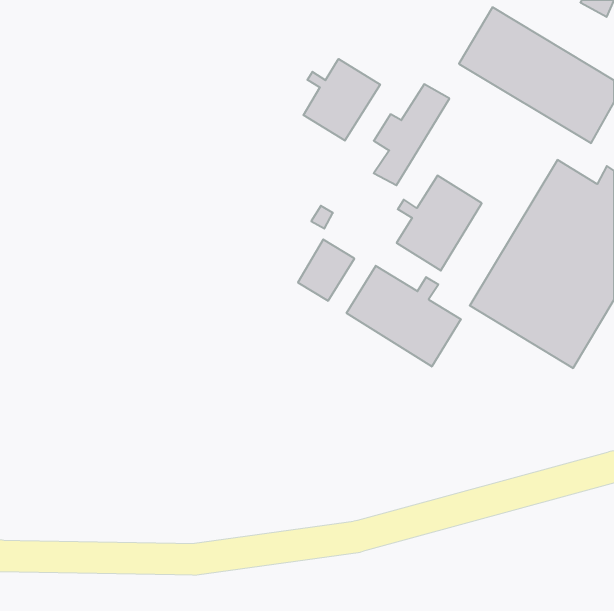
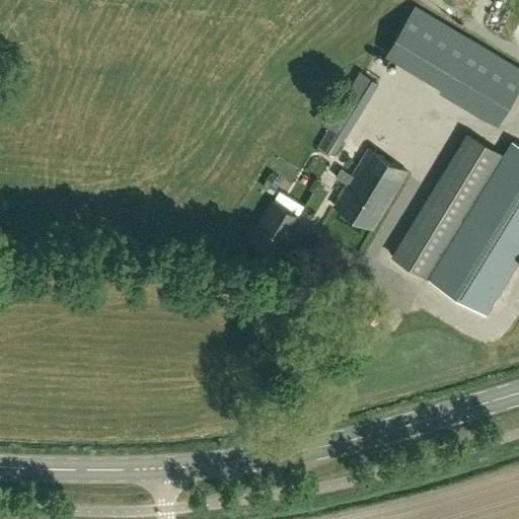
building: [303,59,380,141] -> none
building: [347,266,461,367] -> none

